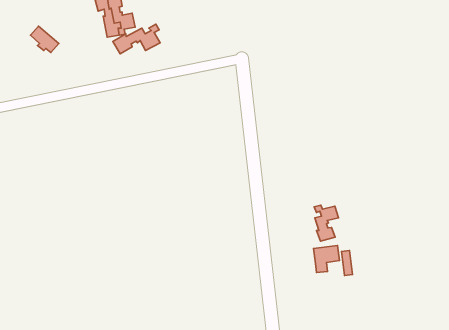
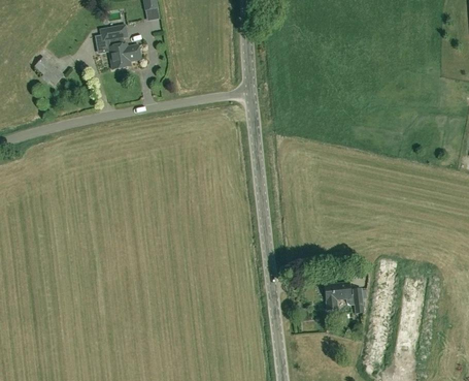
building: [113,24,160,54] -> none
building: [314,205,339,241] -> none

